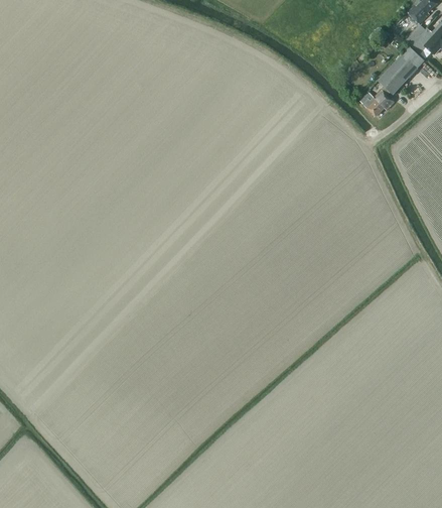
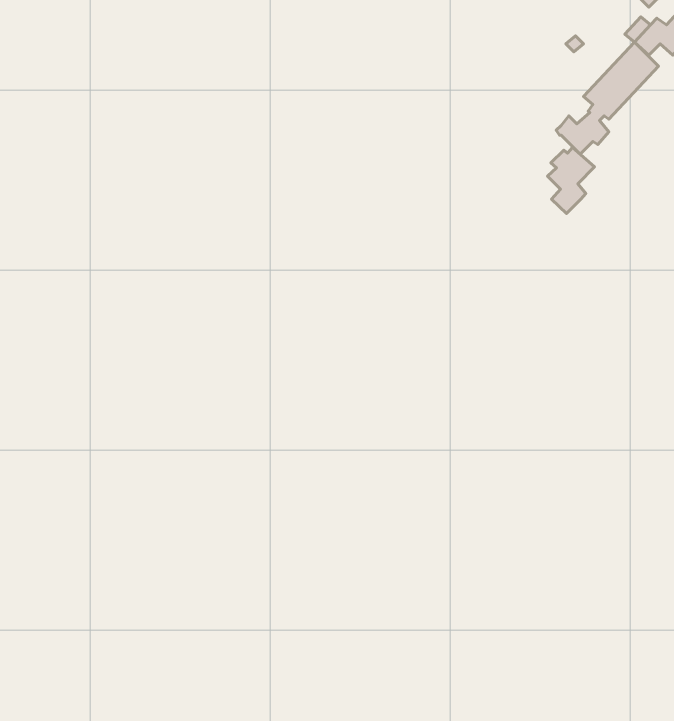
building: none -> [547,147,595,213]

